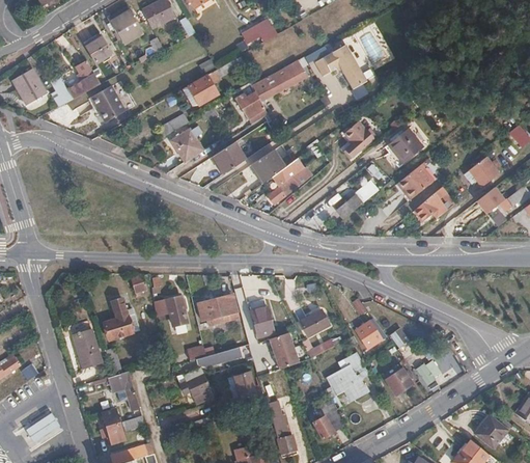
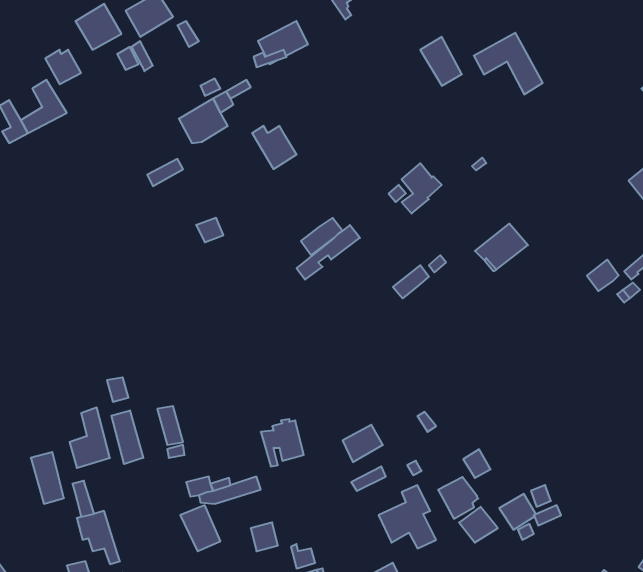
building: [315,45,365,89] -> [474,33,543,94]
building: [250,60,305,101] -> none
building: [92,85,128,121] -> none
building: [388,126,423,161] -> none
building: [171,129,203,162] -> none
building: [213,141,246,173] -> none
building: [252,148,284,182] -> none
building: [467,155,497,185] -> none
building: [415,185,454,219] -> none
building: [197,294,239,323] -> none
building: none -> [111,410,143,464]
building: [356,319,385,349] -> [438,477,478,519]
building: [266,331,297,369] -> none

